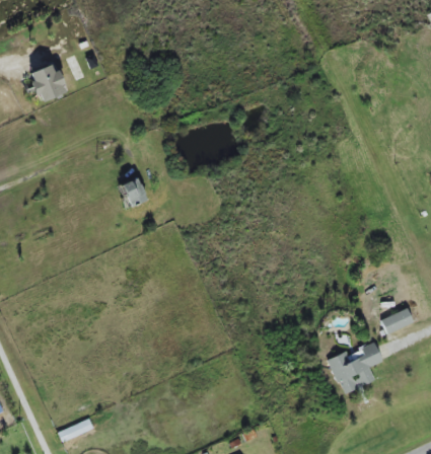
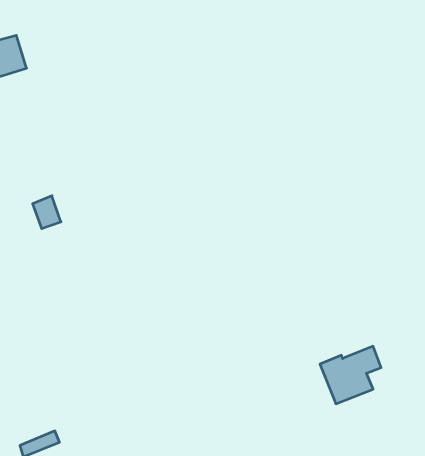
building: [121,176,146,206] -> [33,196,61,229]
building: [381,307,414,332] -> none

